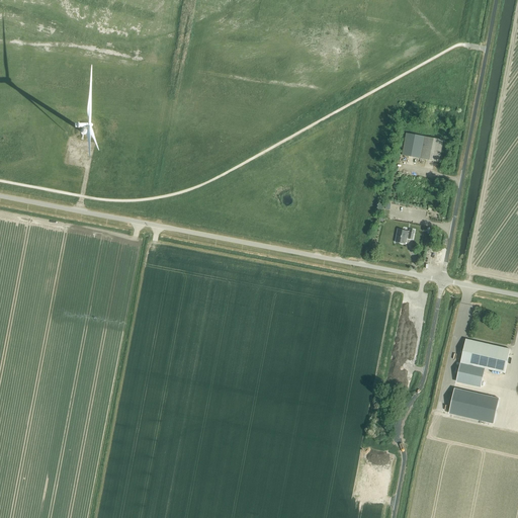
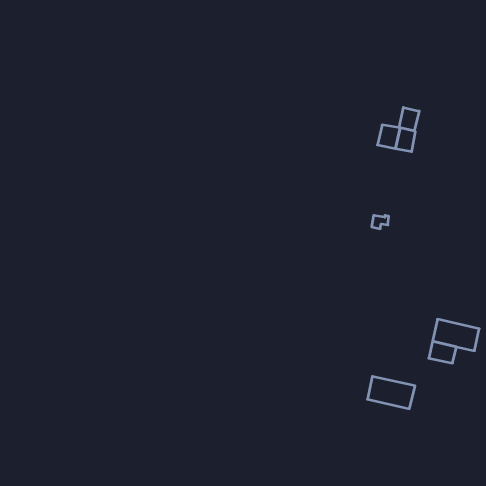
building: none -> [399,107,419,131]
building: [448,387,499,422] -> [367,376,415,409]

